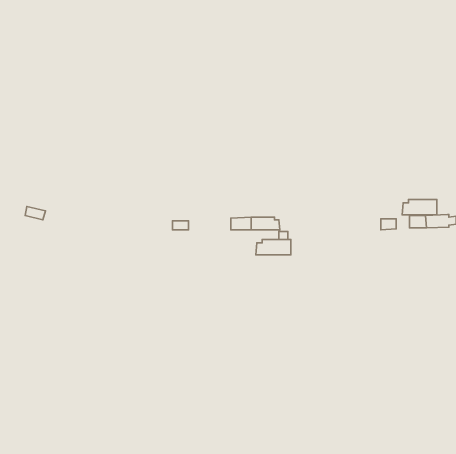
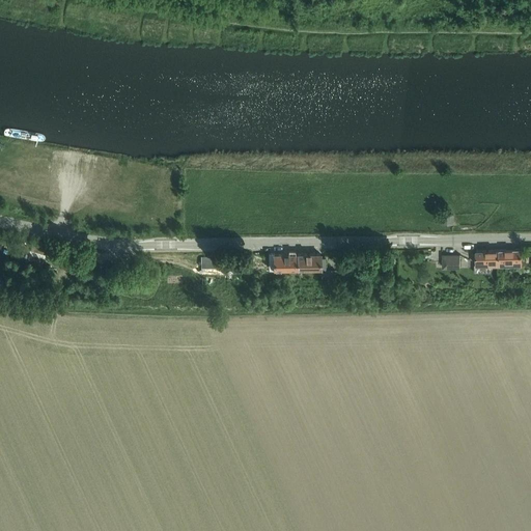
building: [402,199,437,215] -> none
building: [256,240,291,255] -> none

